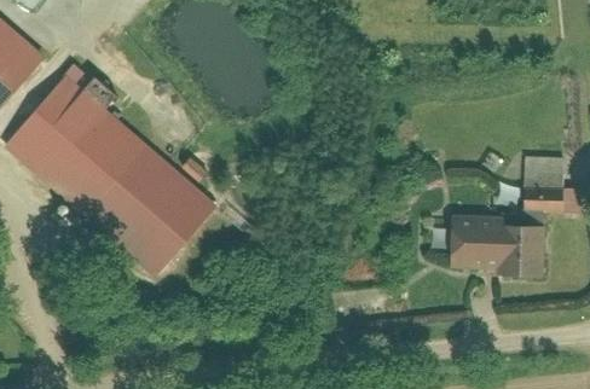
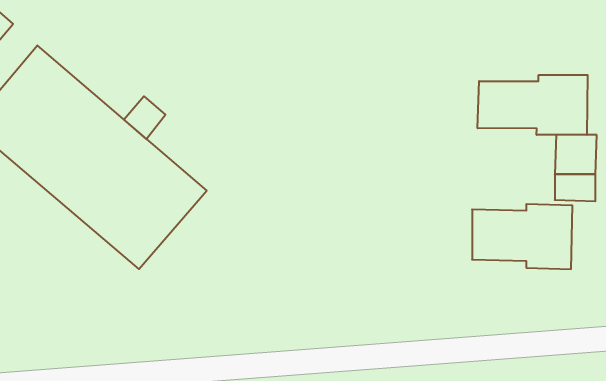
building: none -> [478,75,588,135]
building: none -> [124,96,165,139]

